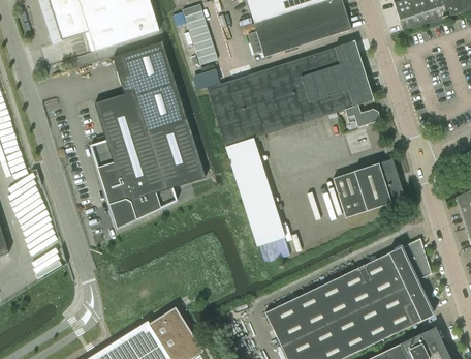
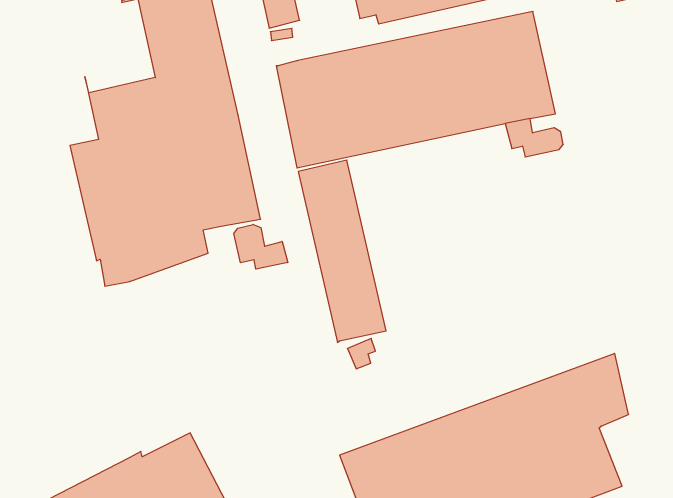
building: [333,158,405,216] -> none
building: none -> [234,224,288,269]

